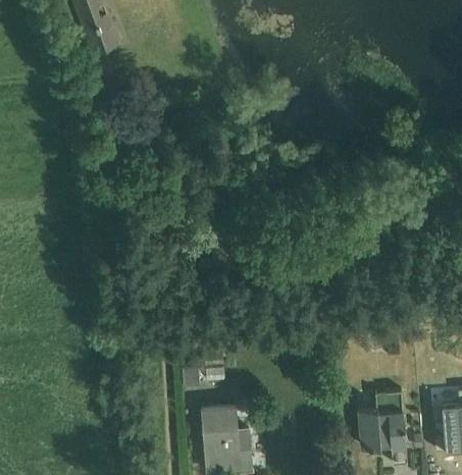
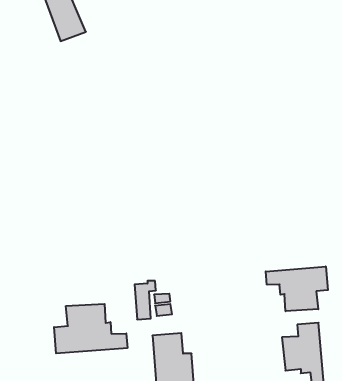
building: none -> [266,266,328,311]
building: none -> [54,304,127,353]

